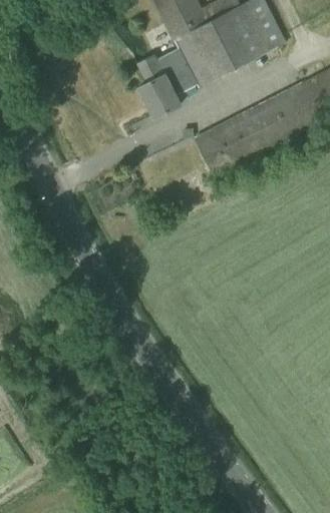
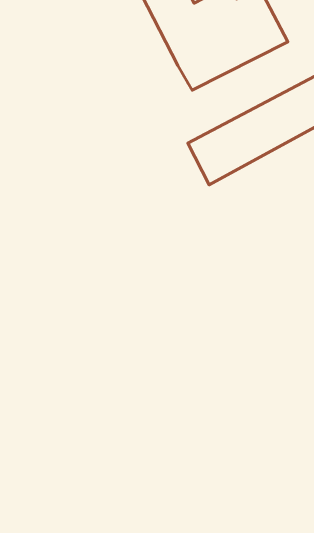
building: [136,54,194,117] -> none

